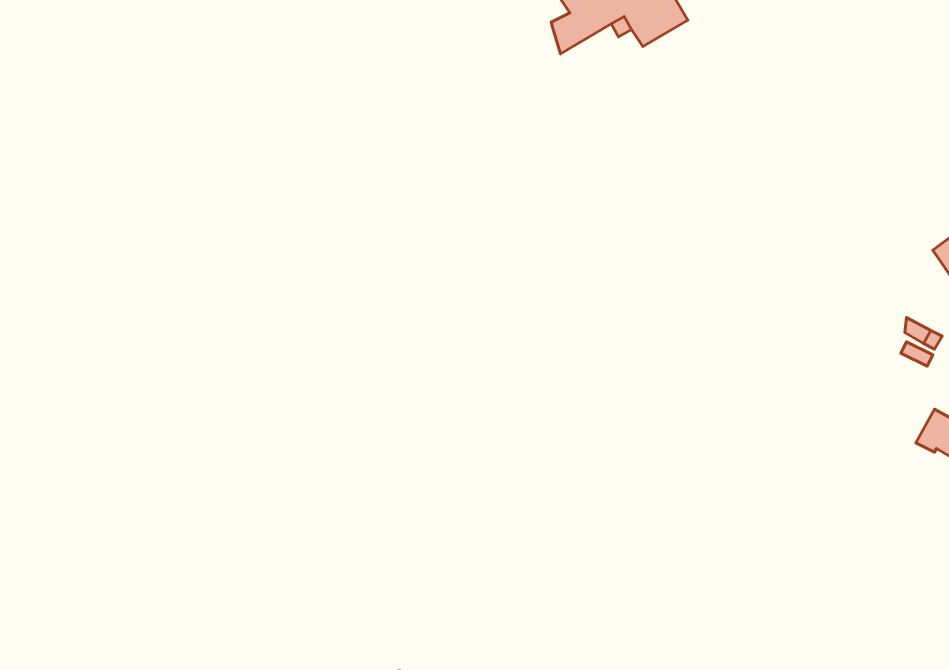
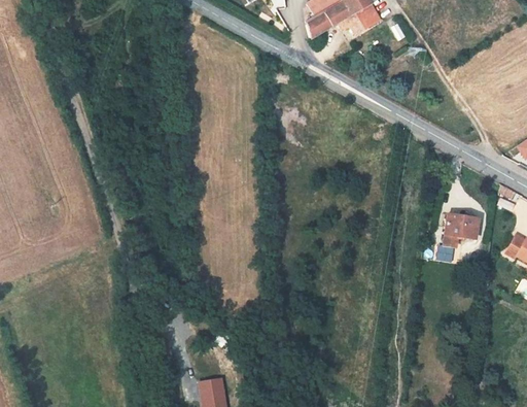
building: none -> [444,213,479,246]

